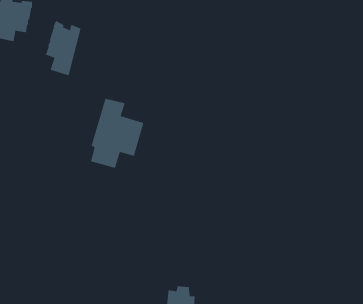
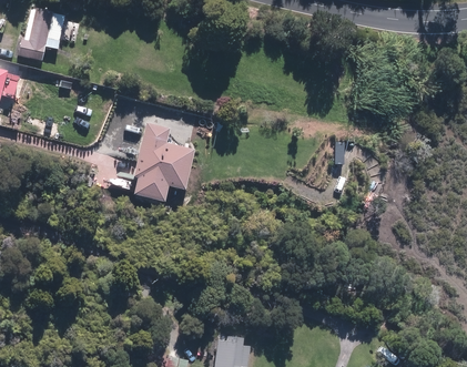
building: [45,20,81,76] -> none

